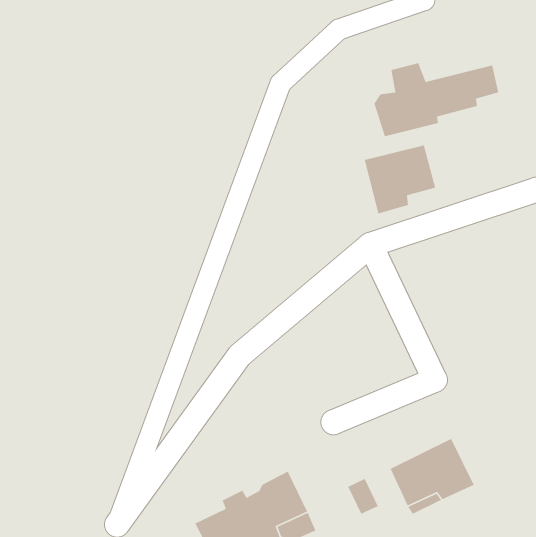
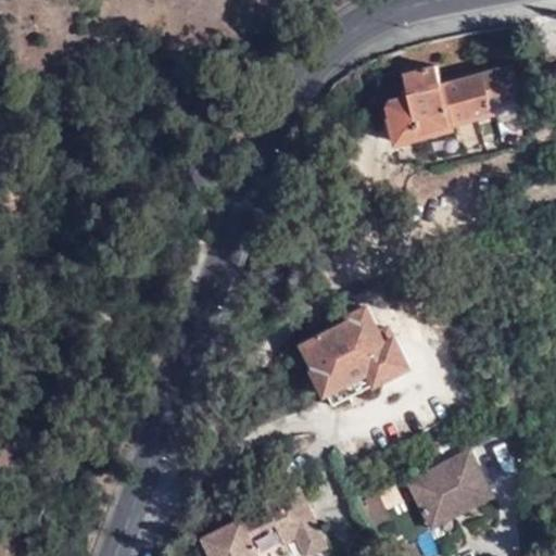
building: [364,144,436,215] -> none
building: none -> [302,309,406,407]

